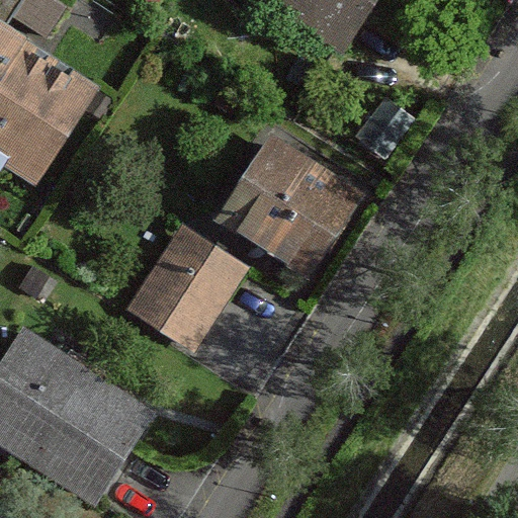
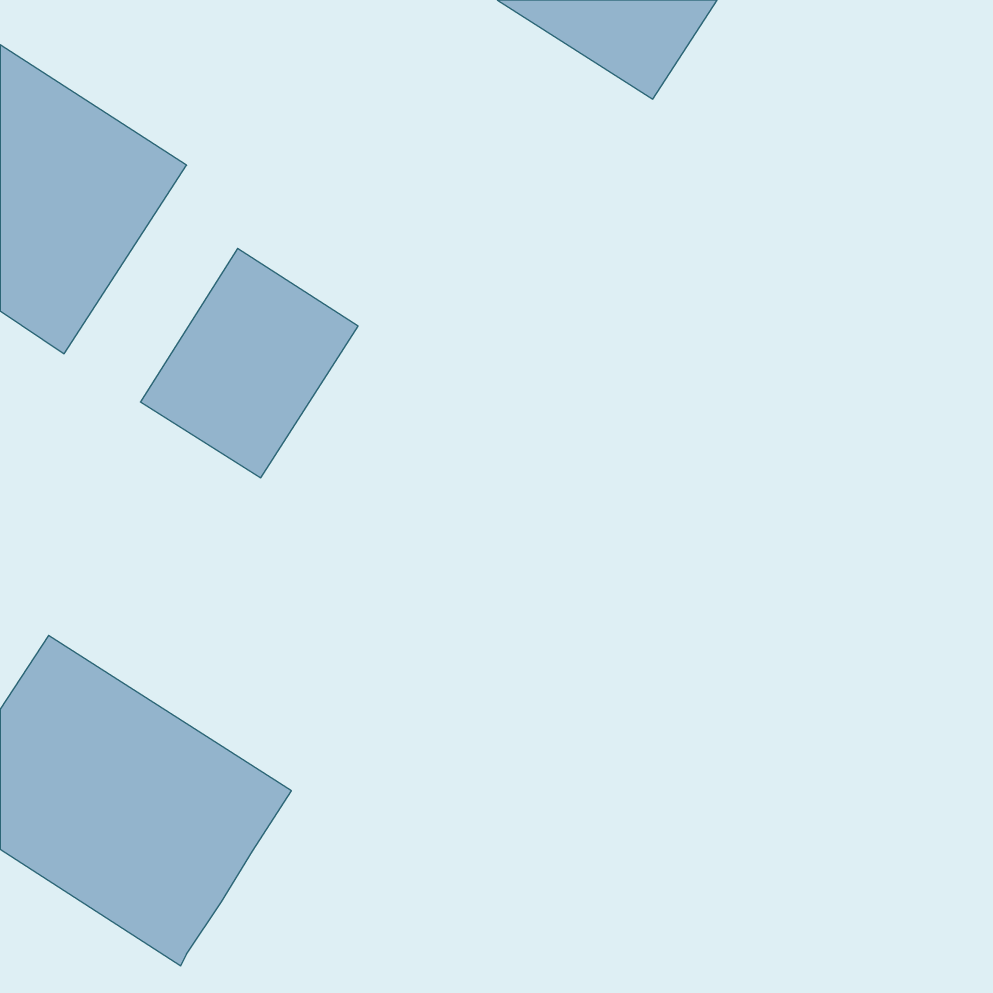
building: [219,136,360,275] -> none
building: [131,228,244,347] -> [140,248,358,478]

